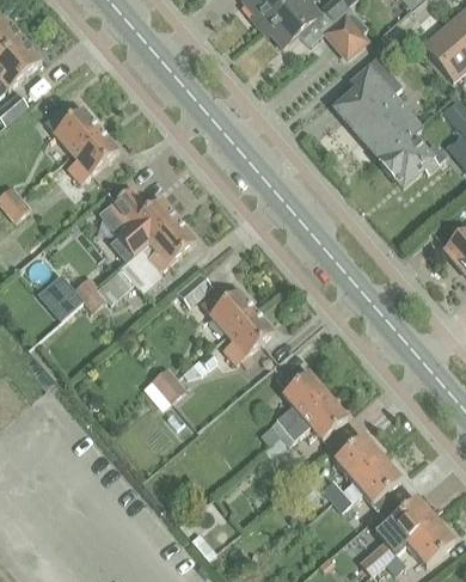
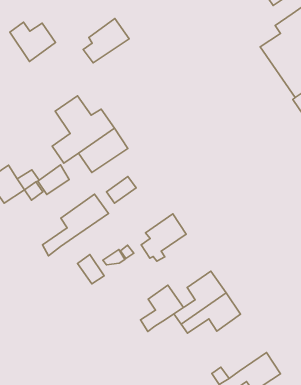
building: [67,128,118,182] -> [83,19,129,63]
building: [201,289,256,335] -> none
building: none -> [42,194,108,256]
building: none -> [141,285,183,332]
building: [333,435,381,482] -> none

